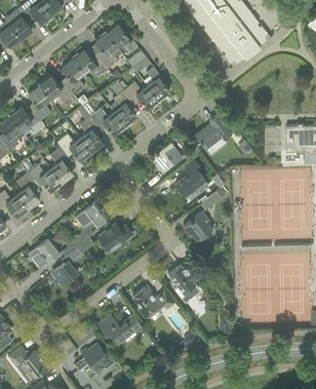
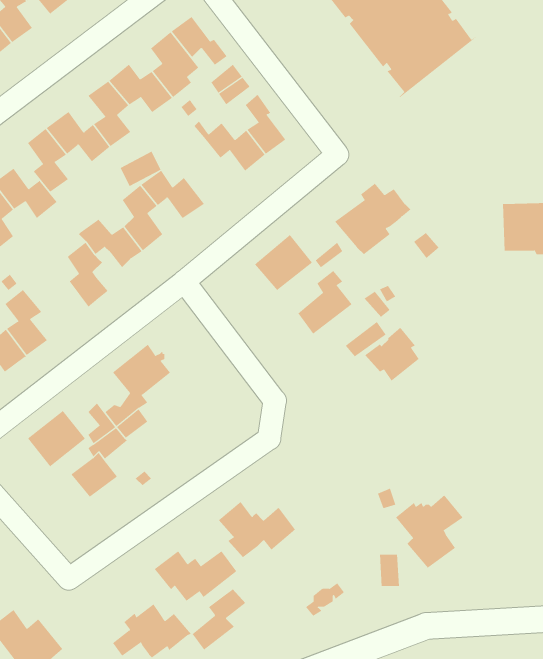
building: [113,90,135,126] -> none
building: [26,164,63,192] -> none
building: [182,211,211,241] -> [365,327,420,382]
building: [98,224,132,249] -> none
building: [167,263,204,303] -> [395,495,463,569]
building: none -> [192,580,246,650]

